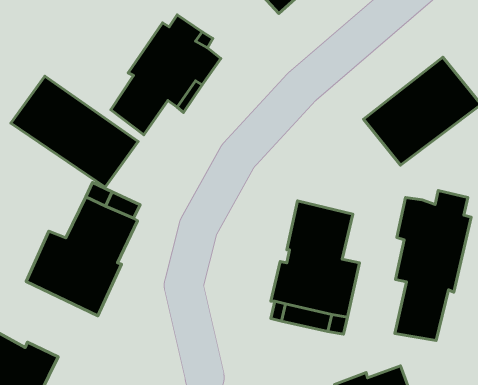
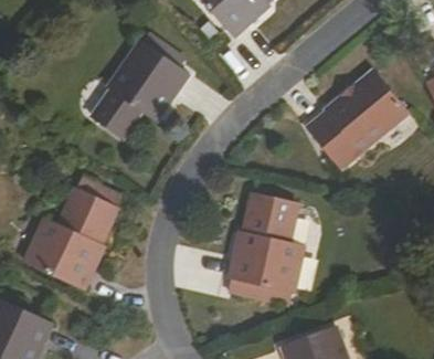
building: [11,76,138,187] -> none
building: [395,191,471,340] -> none

